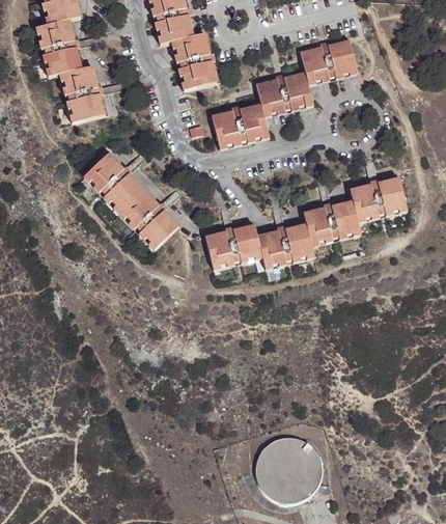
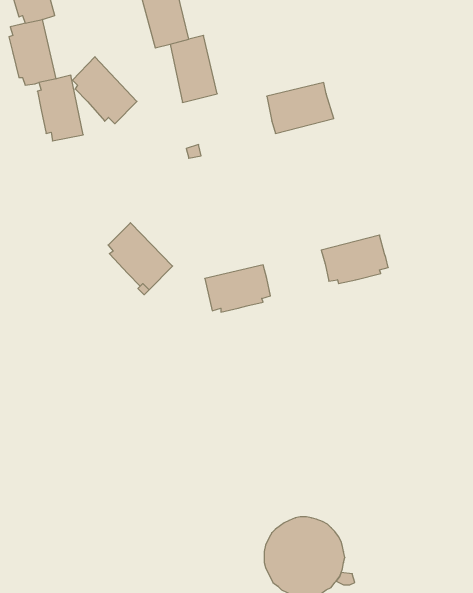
building: [301,40,356,82] -> none
building: [212,105,269,147] -> none
building: [89,153,143,209] -> [73,57,137,124]
building: [350,177,406,218] -> none
building: [257,224,312,264] -> none

